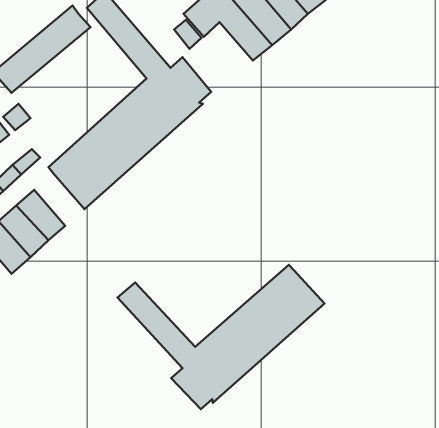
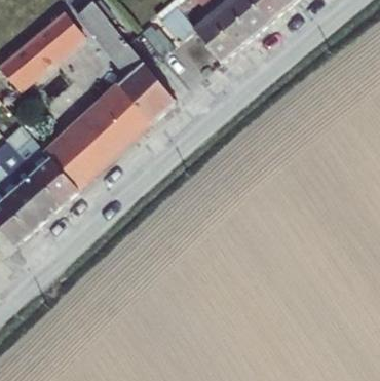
building: none -> [31,160,74,205]
building: [118,265,324,409] -> none

